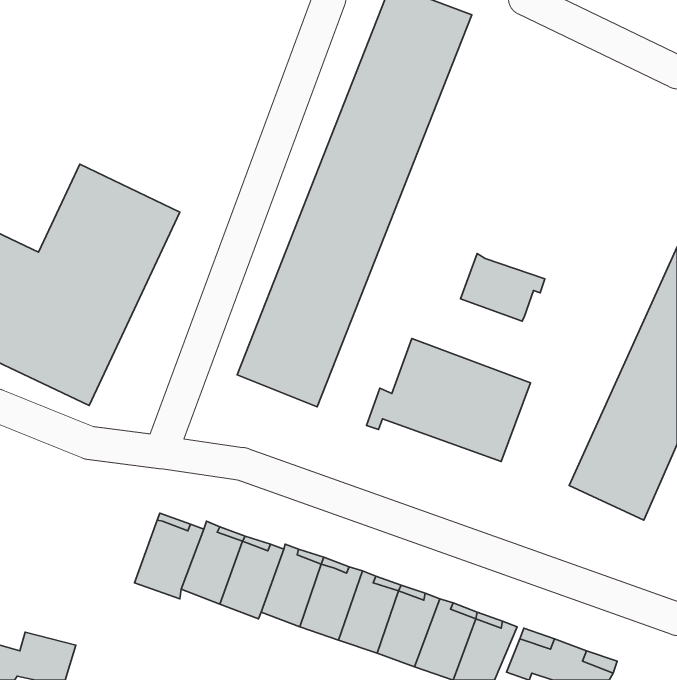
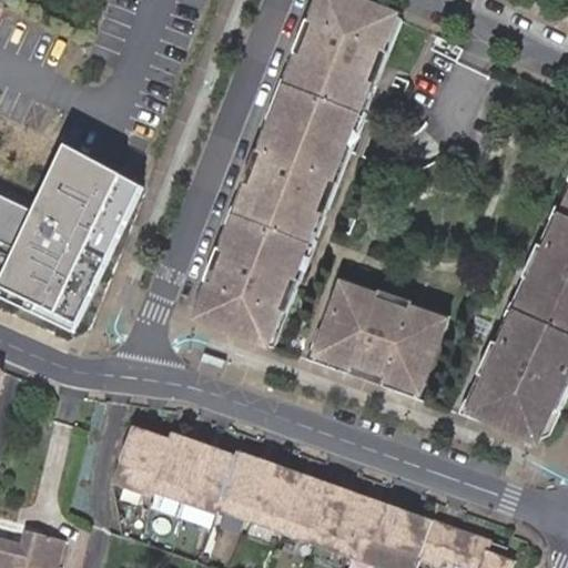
building: [460,253,545,321] -> none

